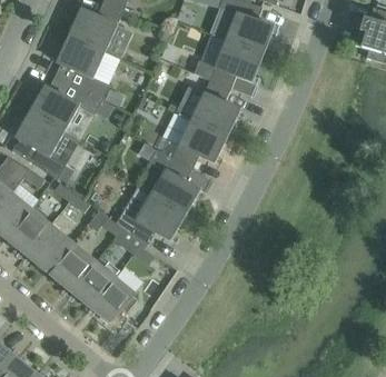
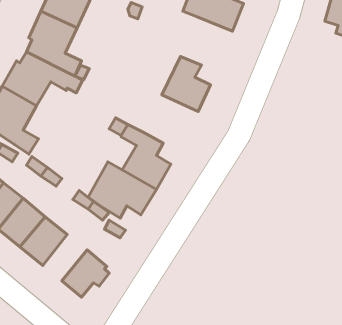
building: [194,40,263,89] -> none
building: [168,113,228,168] -> none
building: [71,260,116,307] -> none

